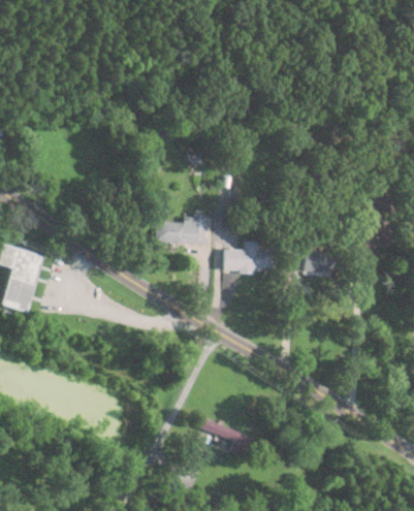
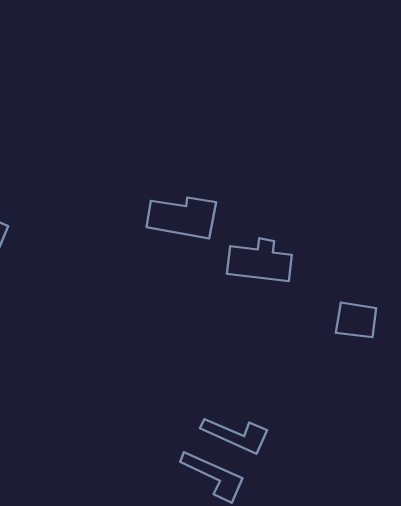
building: [304,250,333,275] -> [336,303,376,337]
building: none -> [200,419,267,454]

